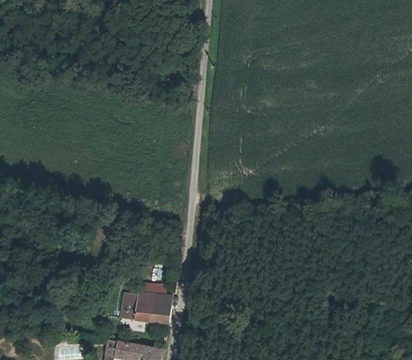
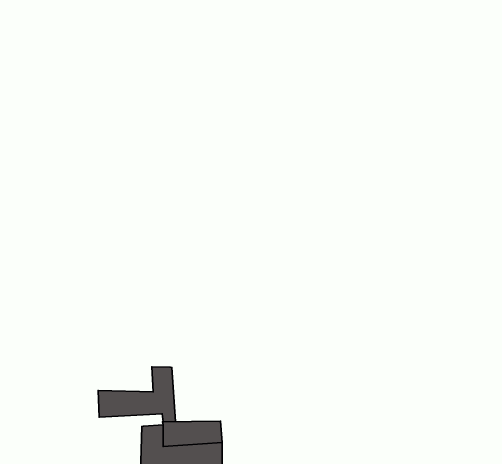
building: none -> [98,367,175,422]

